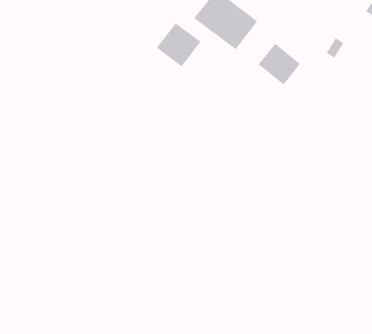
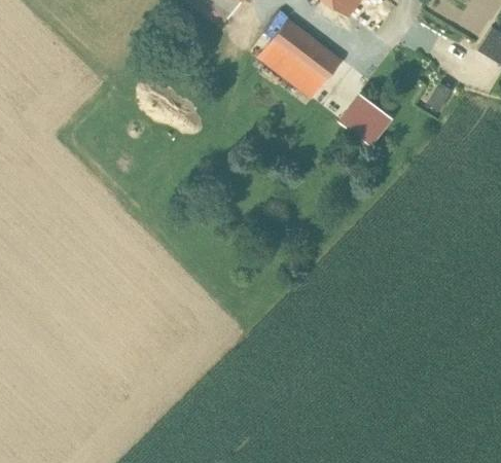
building: [156,22,201,68] -> none

